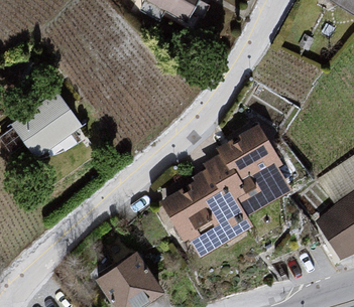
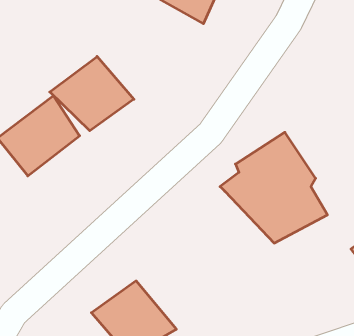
building: none -> [50,56,134,131]
building: [160,170,257,257] -> none

